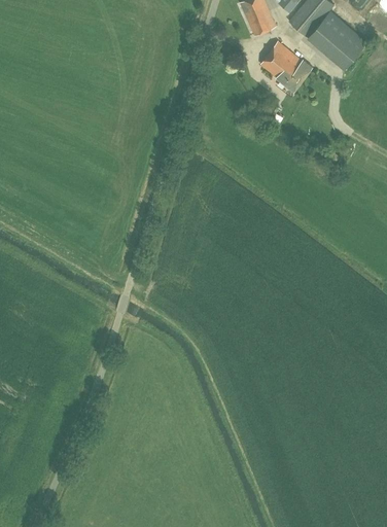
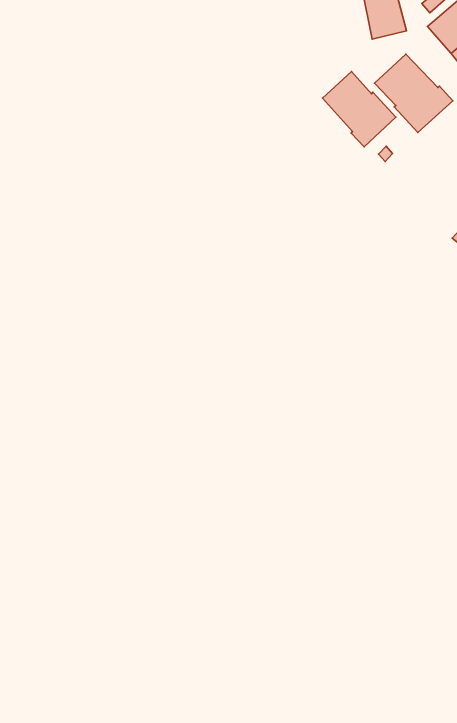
building: none -> [322,72,396,147]

